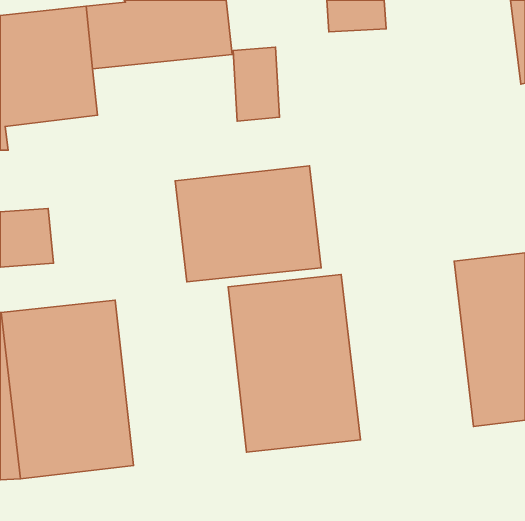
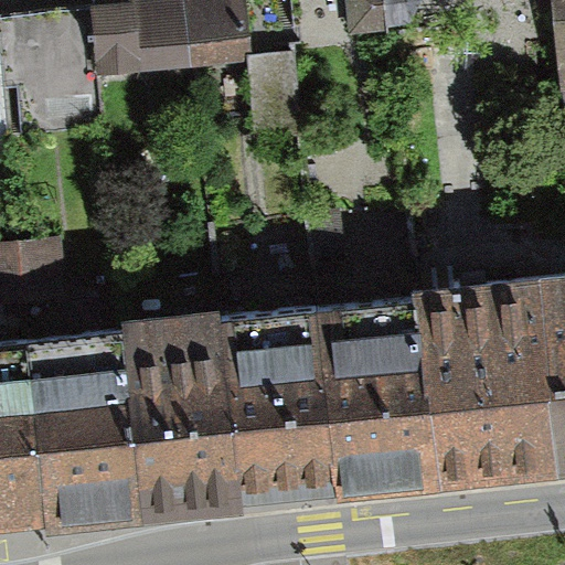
building: [175,166,321,282] -> none
building: none -> [366,285,509,477]
building: none -> [124,312,265,504]

